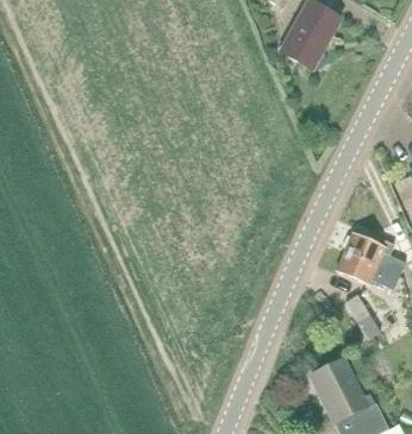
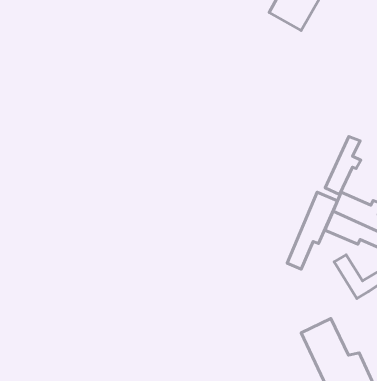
building: none -> [325,136,361,195]
building: none -> [287,192,338,269]

